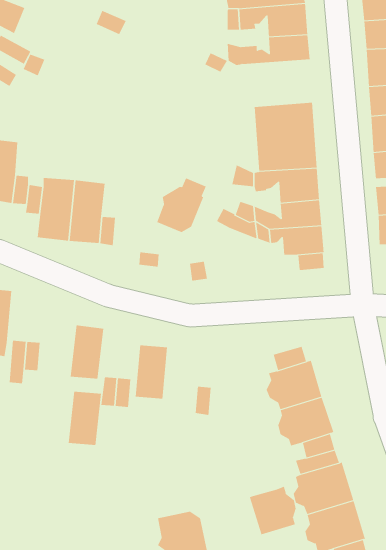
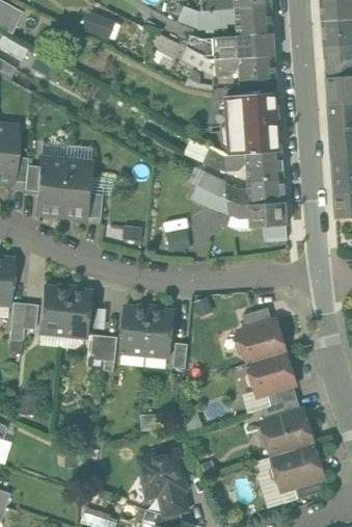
building: none -> [214,54,275,80]
building: [156,178,206,233] -> none
building: none -> [144,308,173,355]
building: [68,391,102,446] -> [37,286,67,334]
building: [249,486,296,535] -> none

